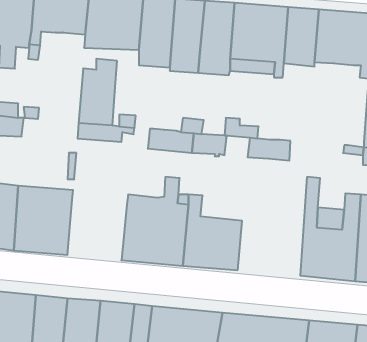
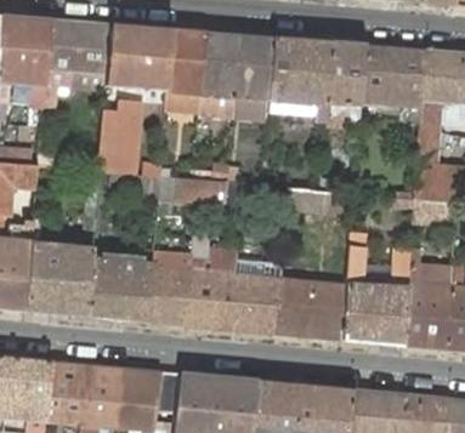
building: none -> [86,255,152,321]
building: none -> [274,278,347,338]

